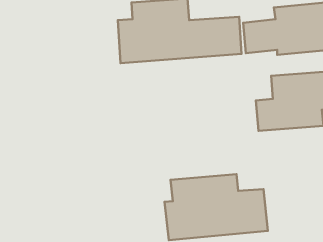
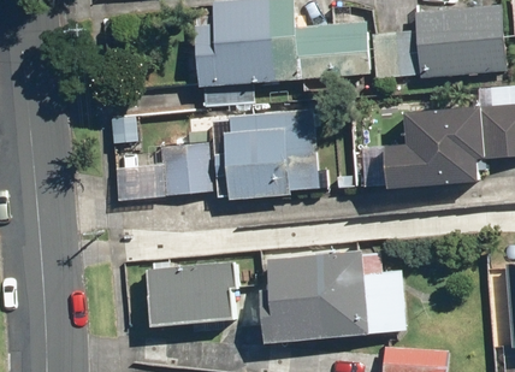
building: none -> [209,107,321,200]
building: none -> [154,143,207,196]
building: none -> [146,260,239,329]

